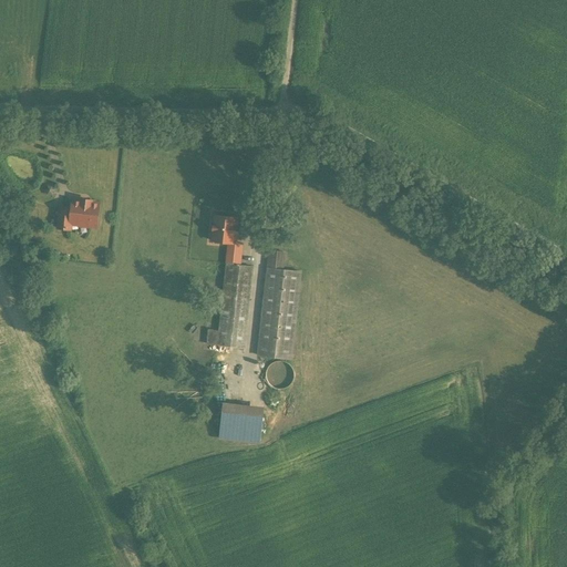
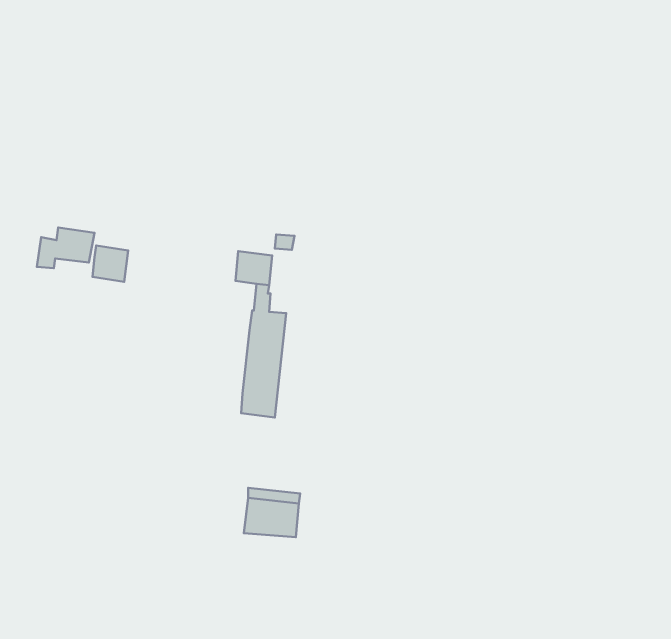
building: none -> [92,245,128,282]
building: [256,250,298,359] -> none
building: [266,363,289,386] -> none

